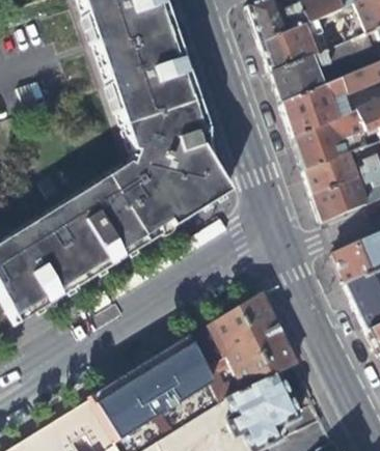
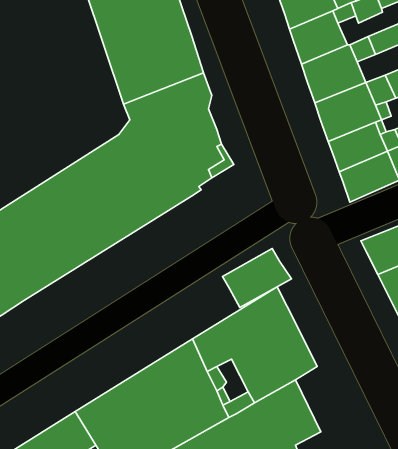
building: none -> [222,248,291,307]

